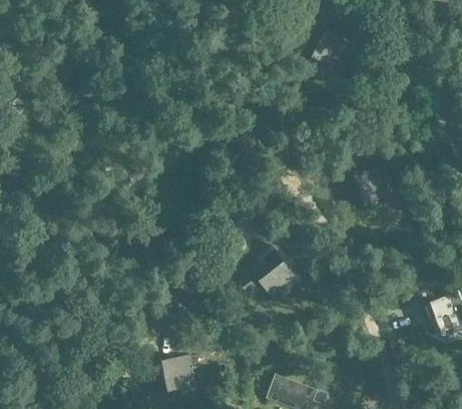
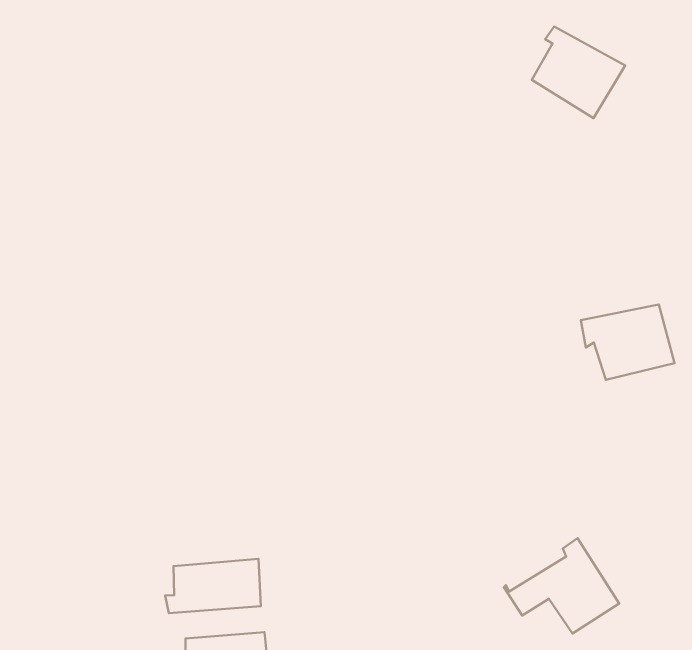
building: [240,255,301,305] -> [504,538,619,634]
building: none -> [165,559,261,613]

